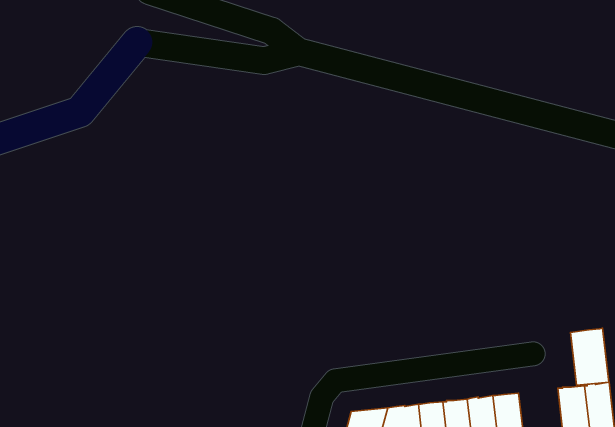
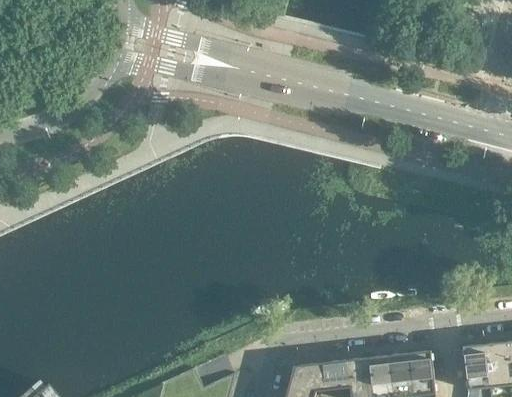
building: [570,328,609,385] -> none

